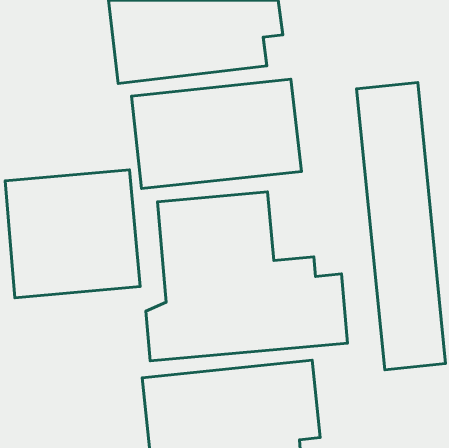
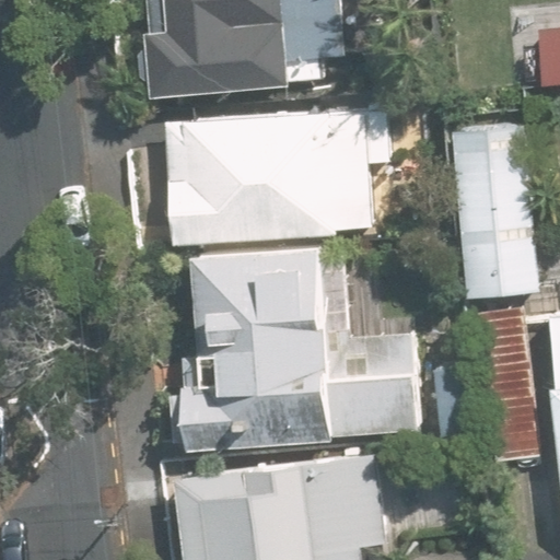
building: [5,170,140,298] -> none

